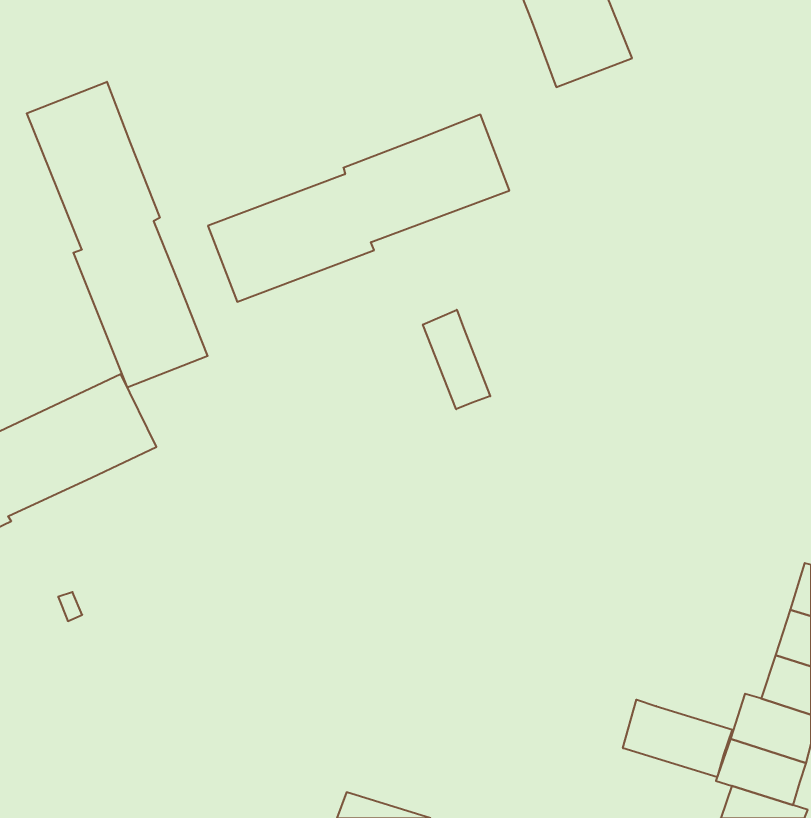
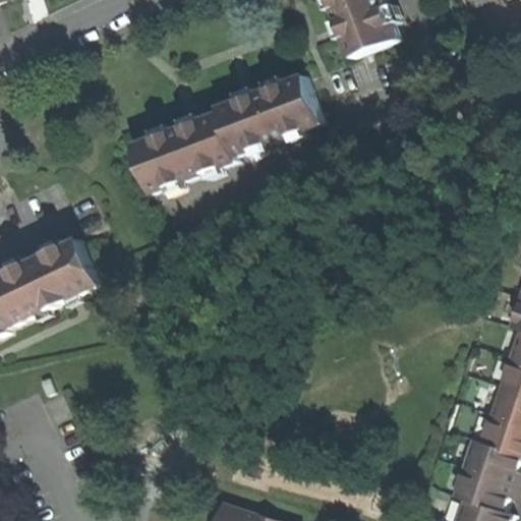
building: [27,82,208,388] -> none
building: [423,310,490,409] -> none
building: [623,700,732,777] -> none

